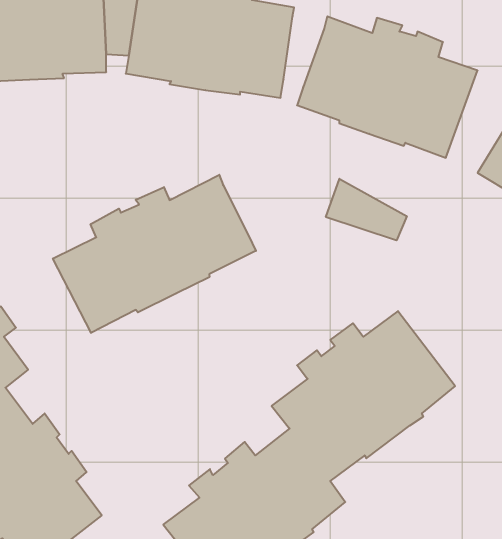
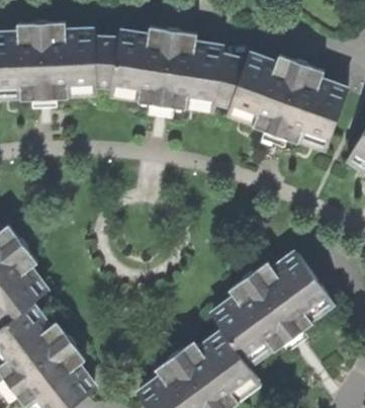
building: none -> [217,54,245,101]
building: [53,175,256,333] -> none
building: [326,179,407,240] -> none

